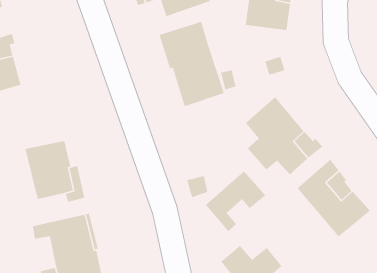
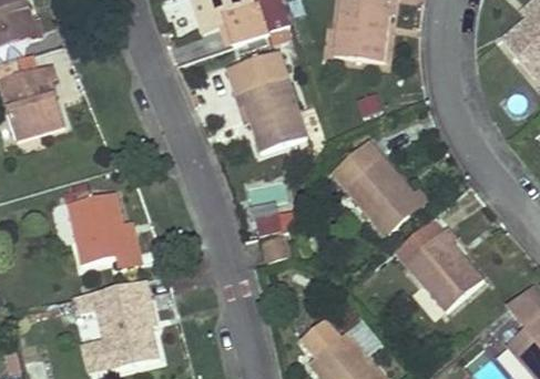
building: [205,171,266,232] -> none

